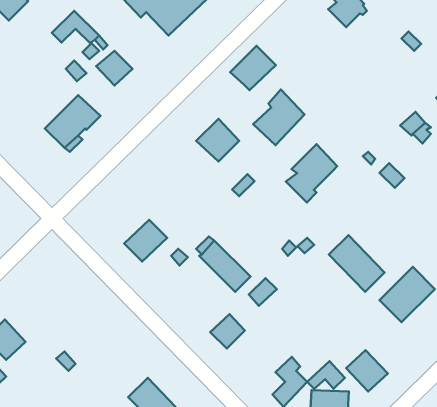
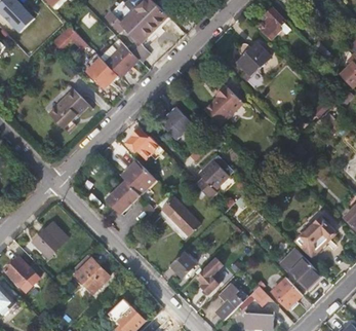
building: none -> [102,43,139,77]
building: [230,46,276,90] -> [237,42,271,75]
building: [286,144,337,202] -> [194,155,232,198]
building: none -> [126,127,163,158]
building: none -> [121,159,155,194]
building: [329,235,385,292] -> [280,248,321,290]
building: none -> [33,222,69,257]
building: none -> [75,257,110,292]
building: none -> [197,259,222,294]

